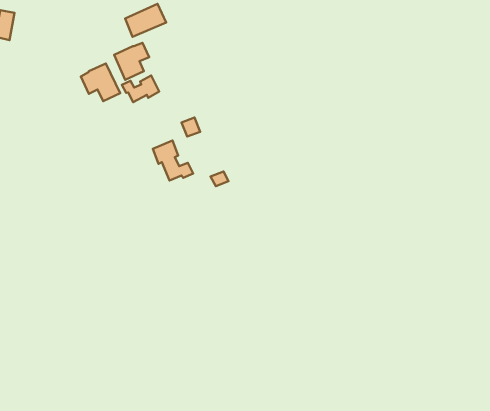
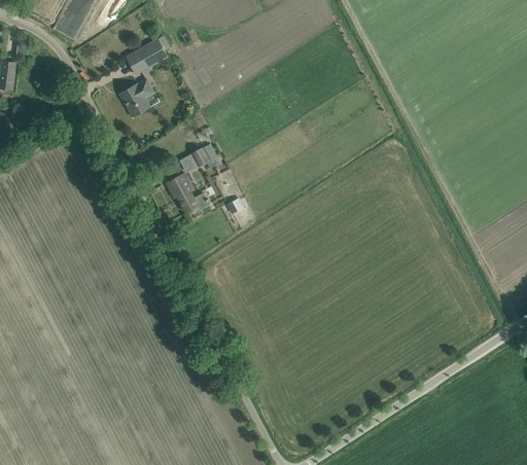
building: [81,63,120,101] -> none
building: [122,75,159,102] -> none

